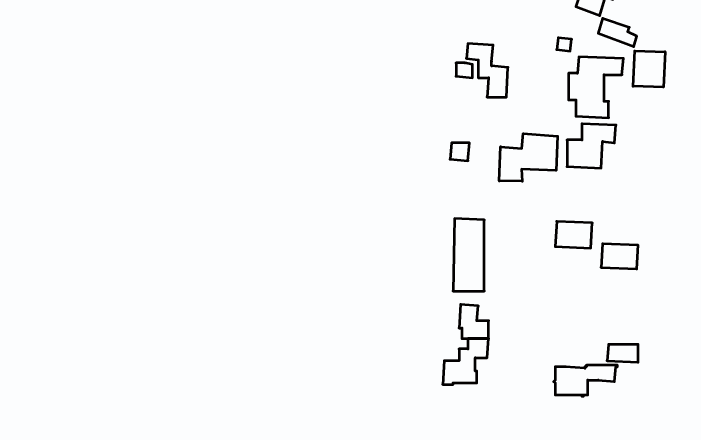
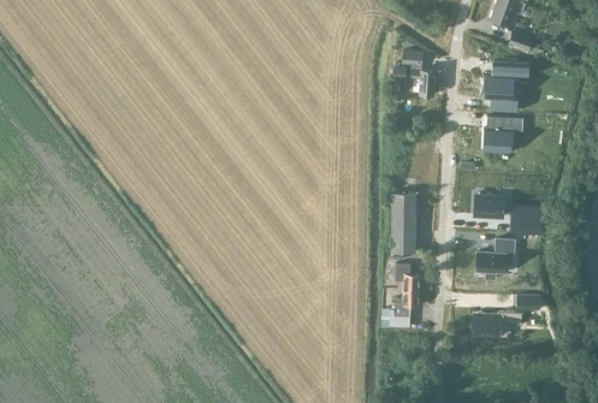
building: [633,51,665,87] -> none
building: [499,134,558,181] -> none
building: none -> [475,238,515,279]

